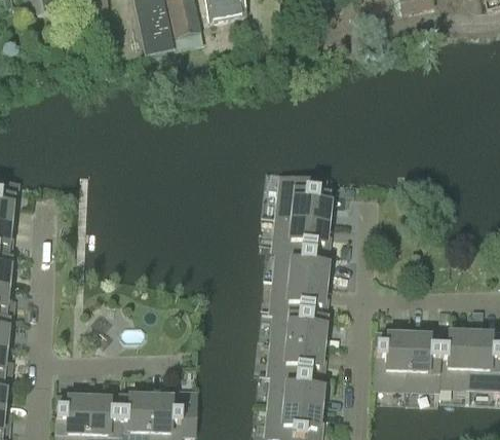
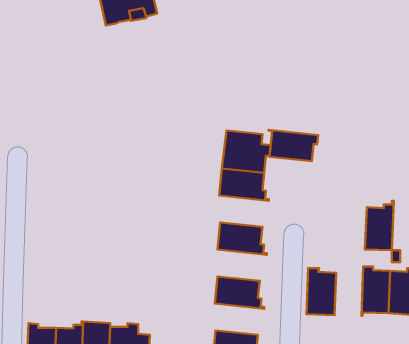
building: [273,248,330,284] -> [269,130,318,161]
building: [271,309,328,345] -> none
building: [405,329,437,386] -> [365,201,394,250]
building: [268,371,324,407] -> none

